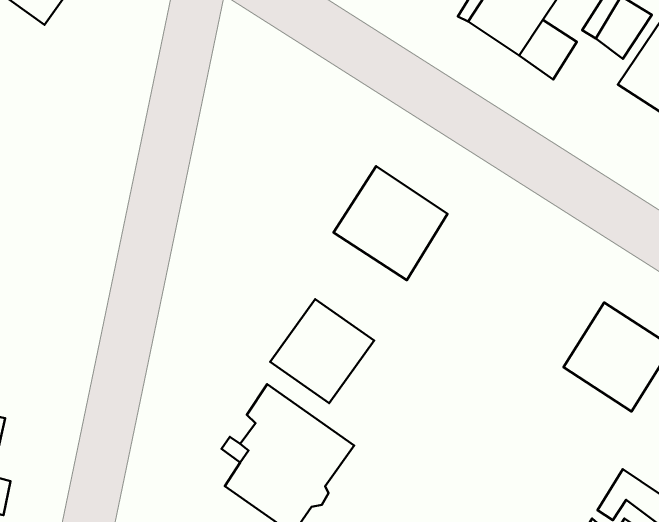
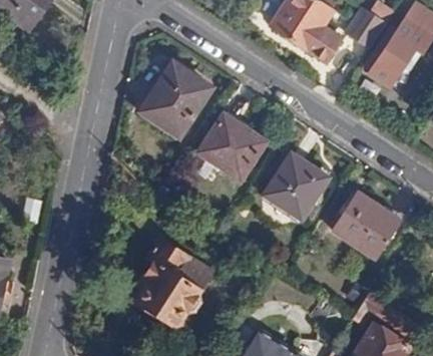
building: none -> [140,59,209,132]
building: none -> [265,152,330,220]
building: [270,299,374,403] -> none

